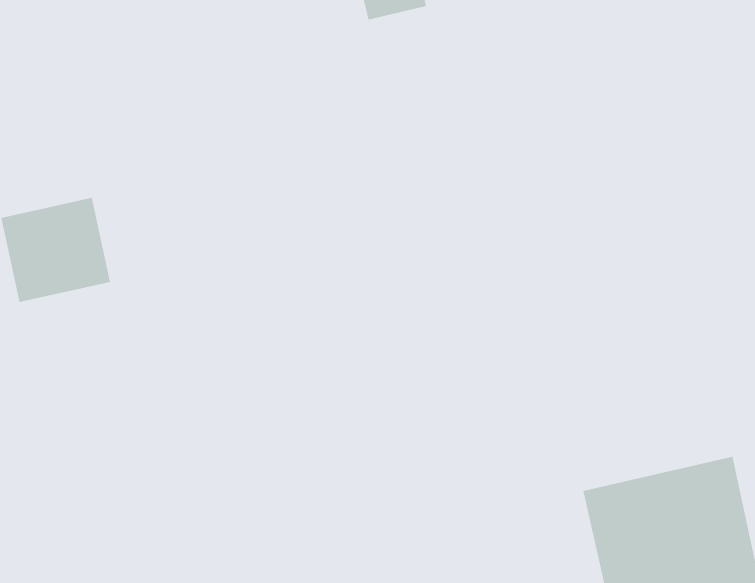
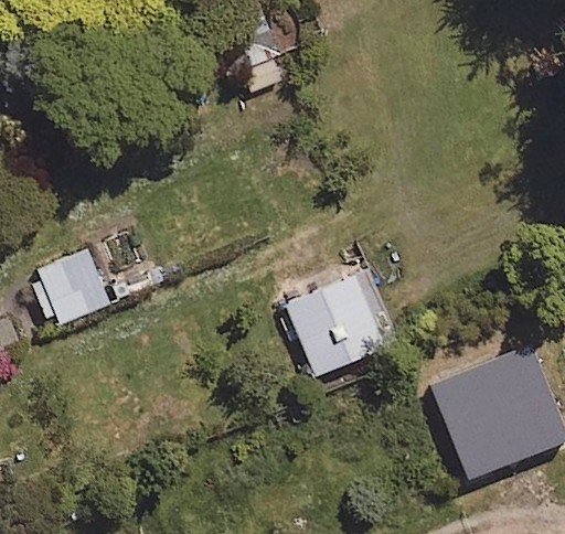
building: none -> [284,273,387,378]

